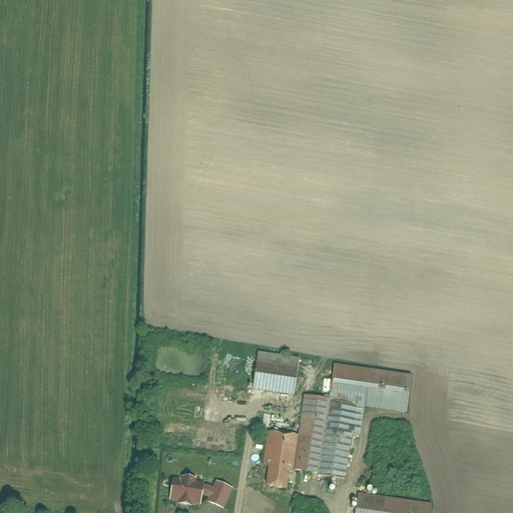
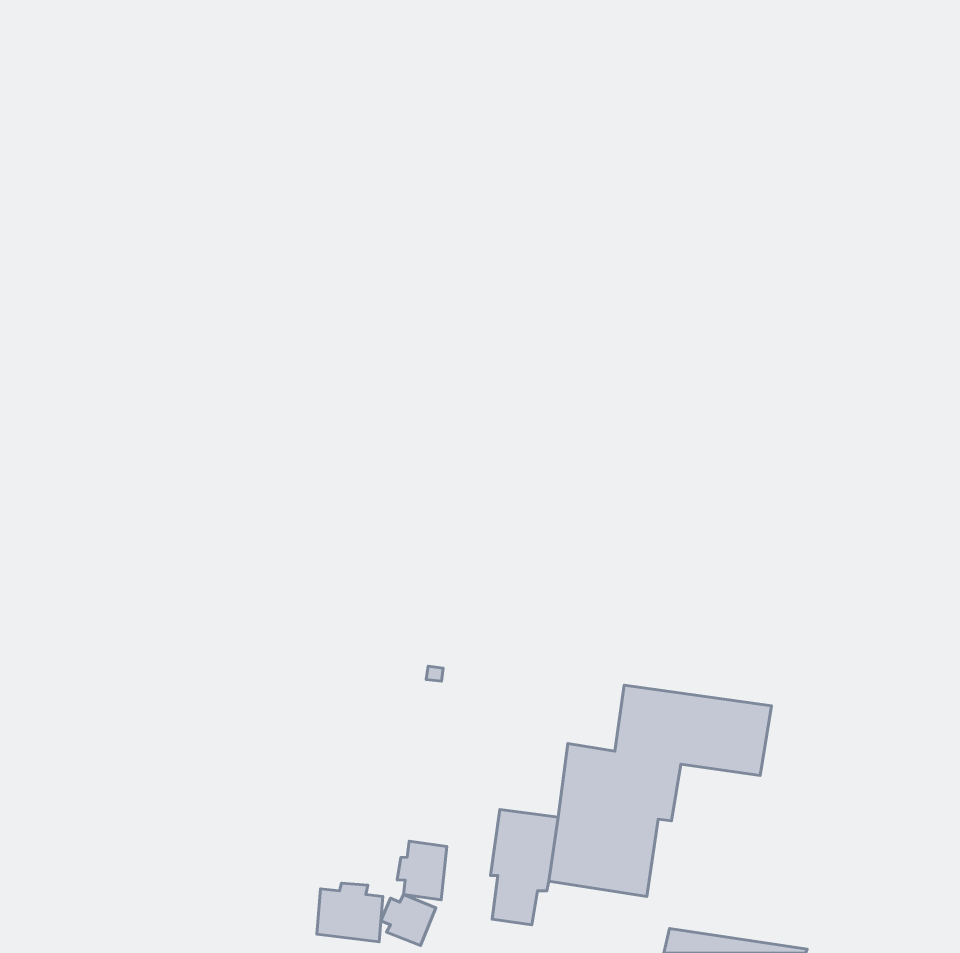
building: [251,353,299,395] -> none
building: none -> [397,841,447,900]

